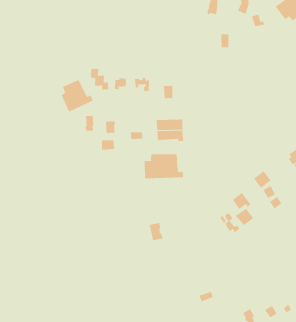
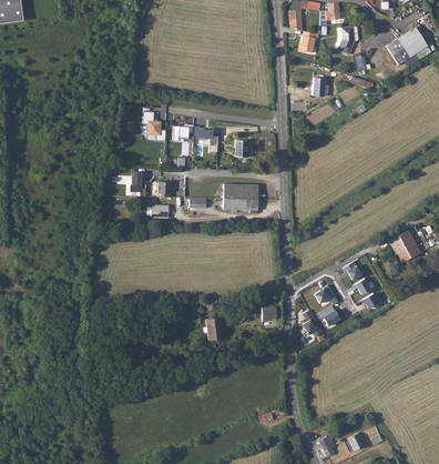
building: [61,79,94,113] -> none
building: [144,154,183,179] -> none

